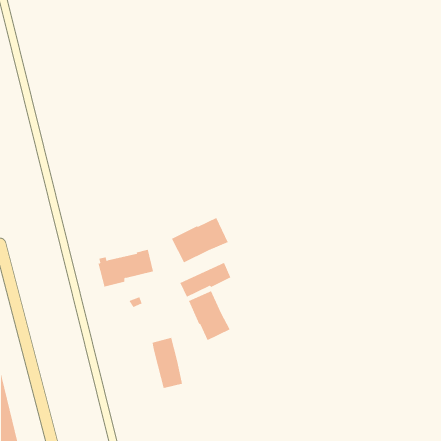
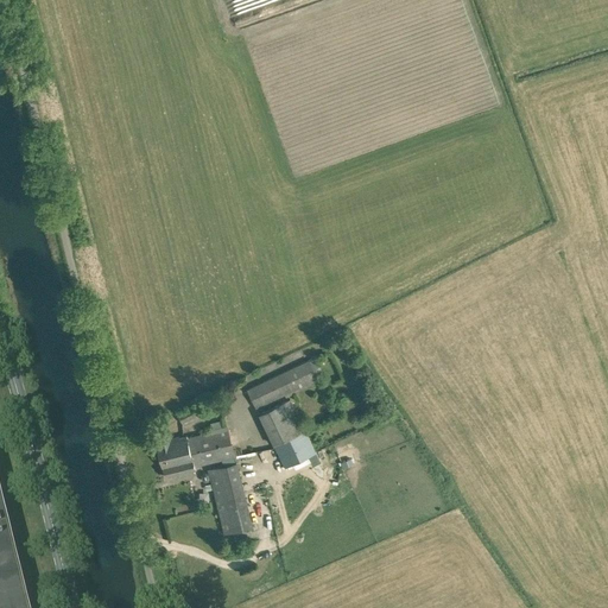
building: [171,217,228,263] -> none
building: [98,249,154,287] -> [157,426,234,479]

